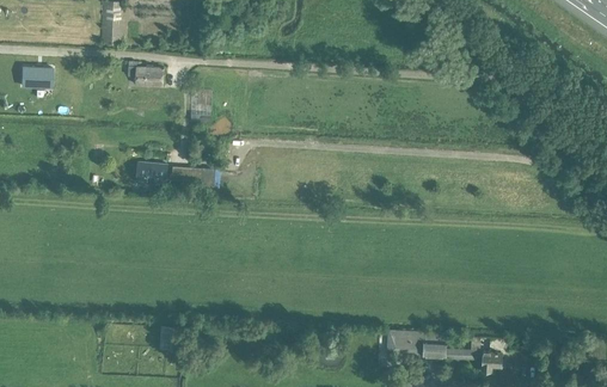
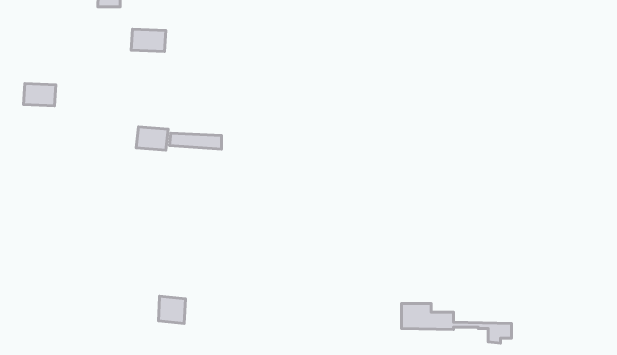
building: [19,67,50,88] -> [24,84,56,106]

